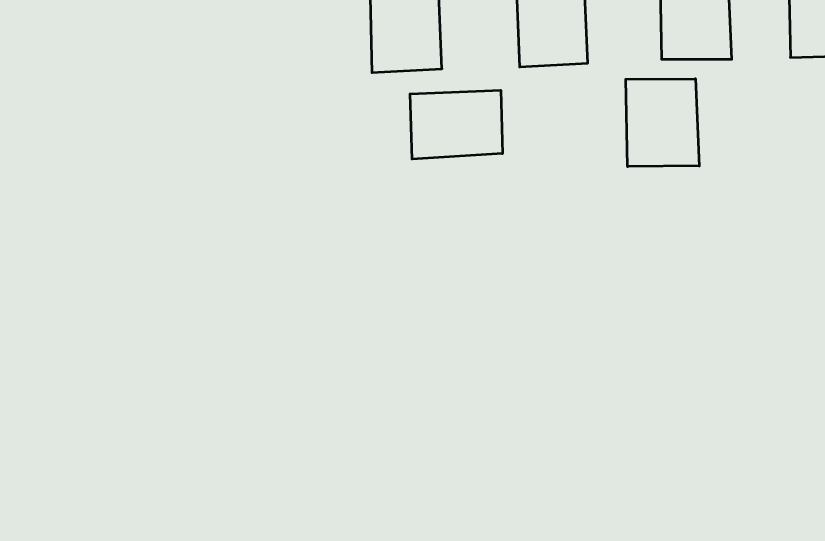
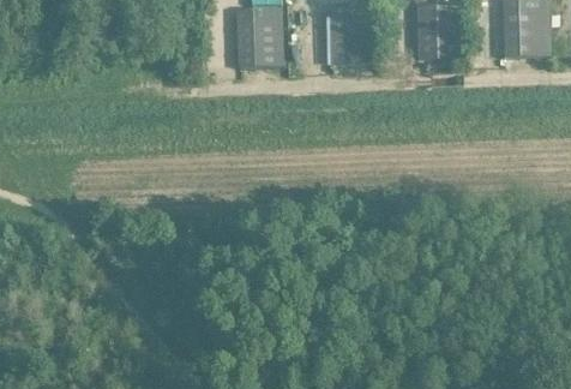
building: [626,79,699,167] -> none
building: [410,90,502,159] -> none

